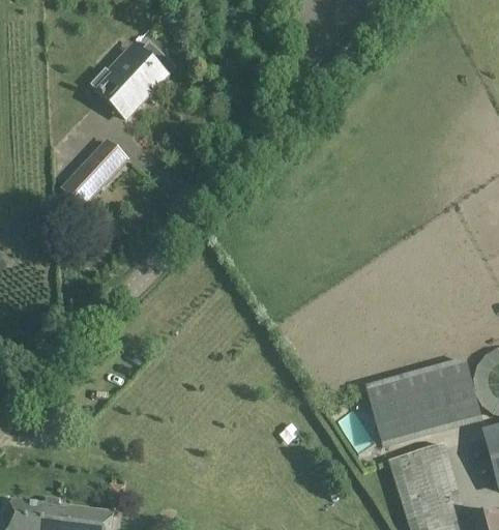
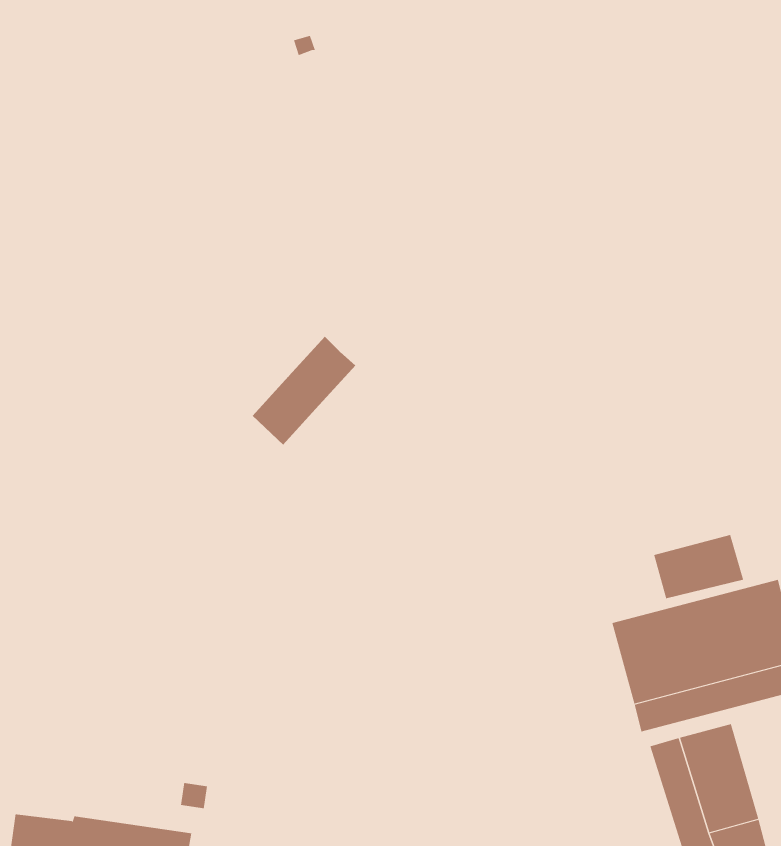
building: [91,41,177,115] -> none
building: [64,140,126,205] -> [252,336,356,446]
building: none -> [653,534,744,599]

